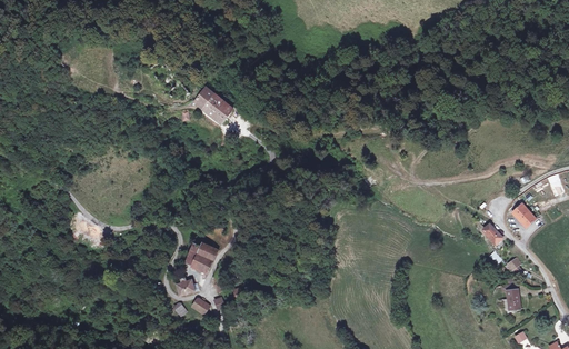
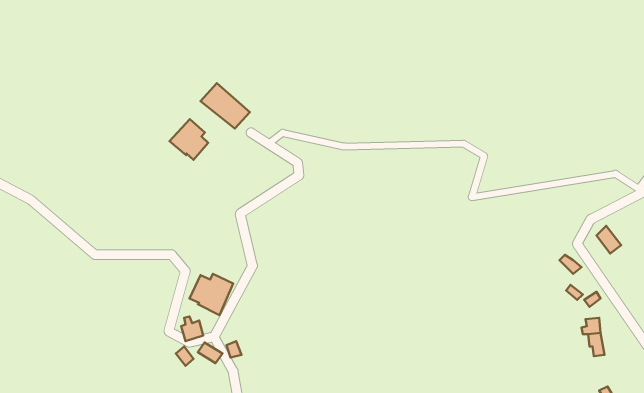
building: none -> [169,119,208,160]

